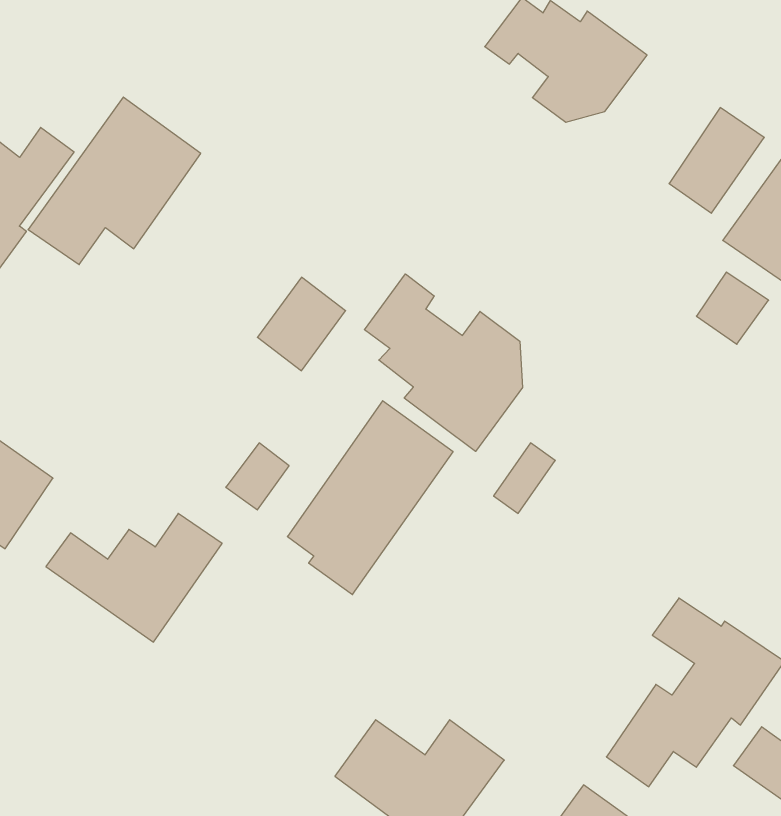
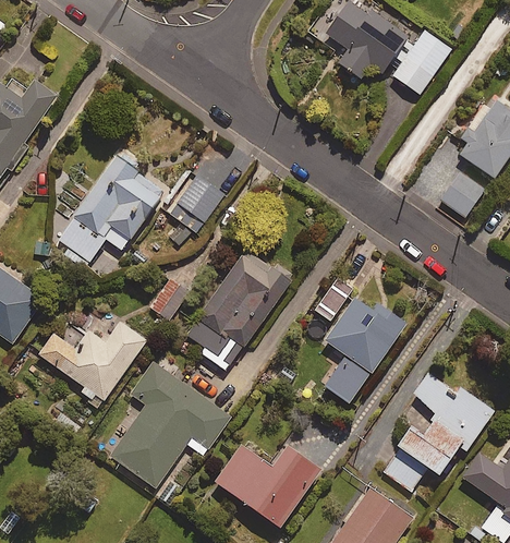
building: [28,97,201,265] -> [58,157,165,261]
building: [669,108,764,213] -> [392,28,451,94]
building: [364,274,523,451] -> none
building: none -> [324,299,405,405]
building: none -> [109,363,229,487]

